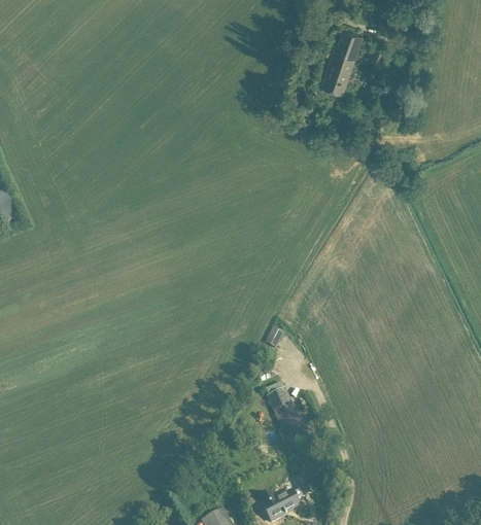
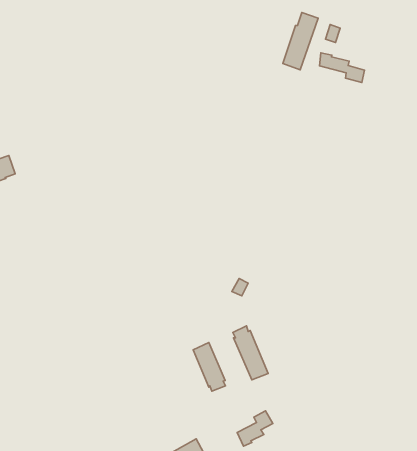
building: none -> [320,53,365,82]
building: none -> [193,342,226,391]

